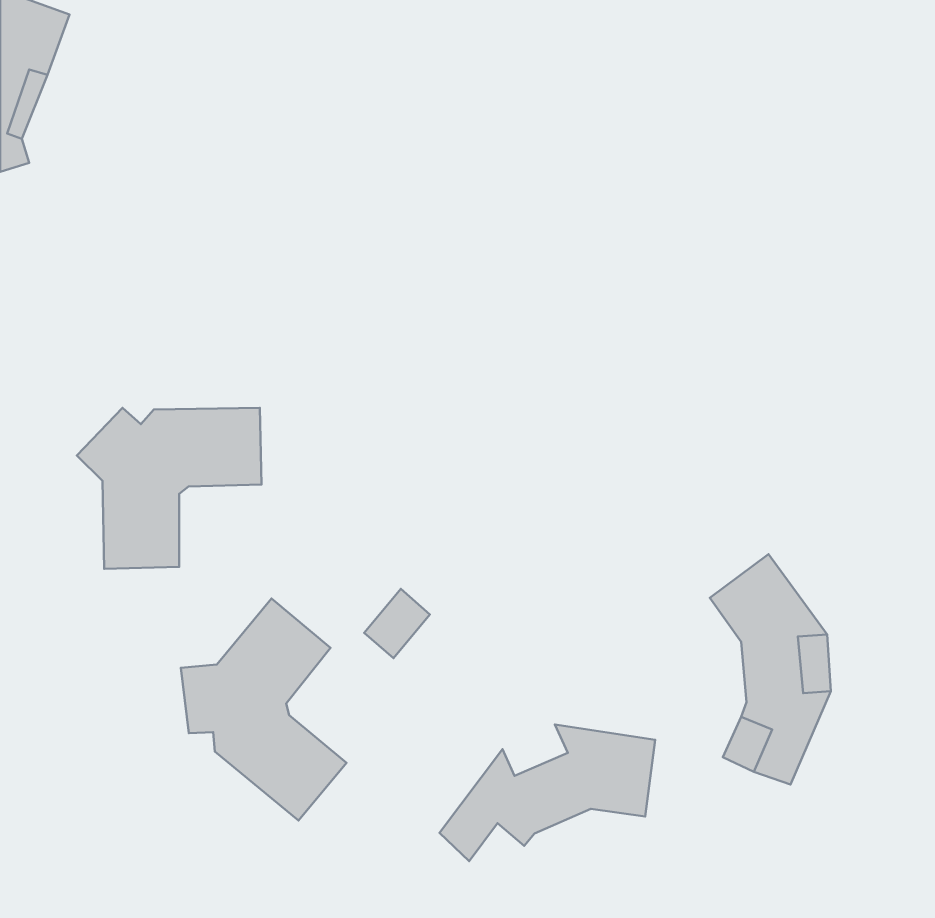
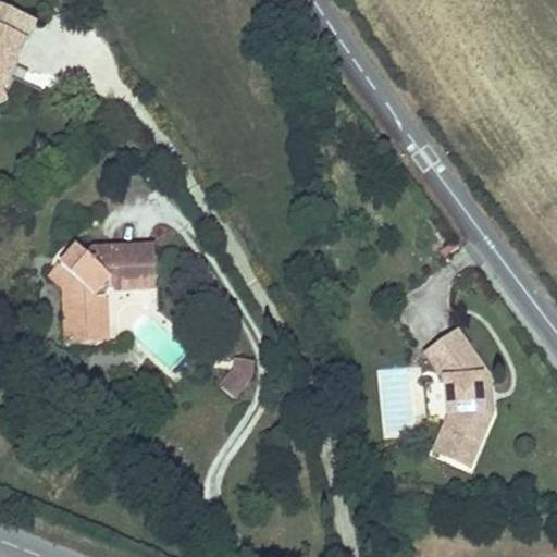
building: [181,599,346,820] -> none
building: [440,725,655,861] -> none

